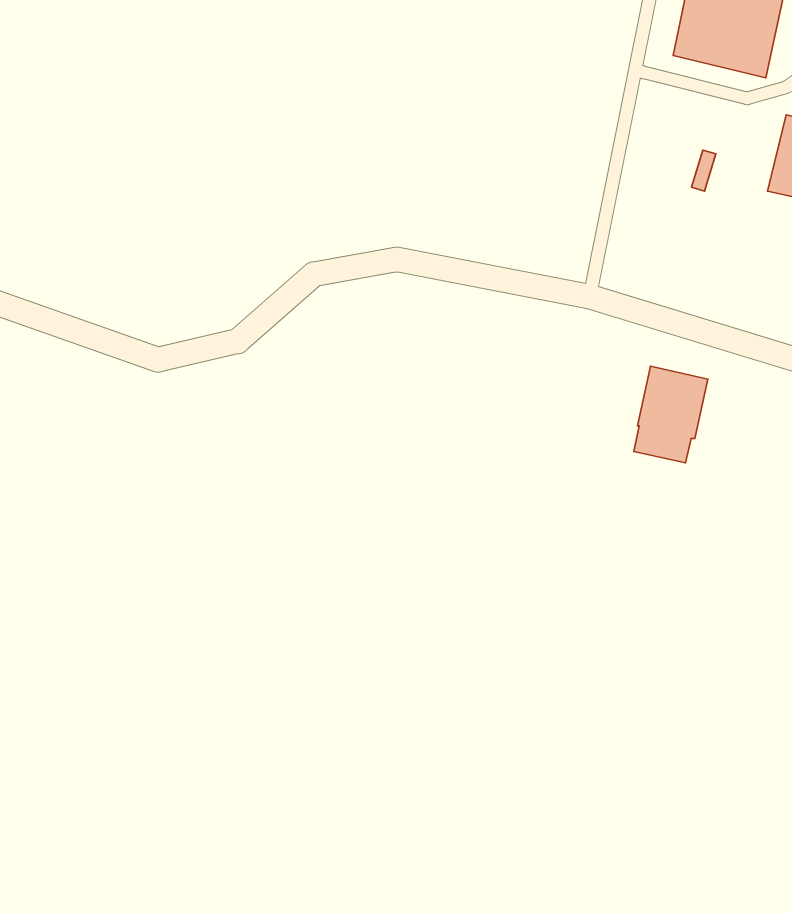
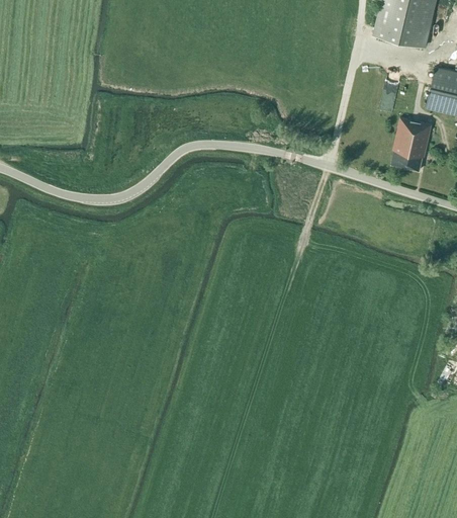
building: [634,366,708,463] -> [391,117,432,170]

